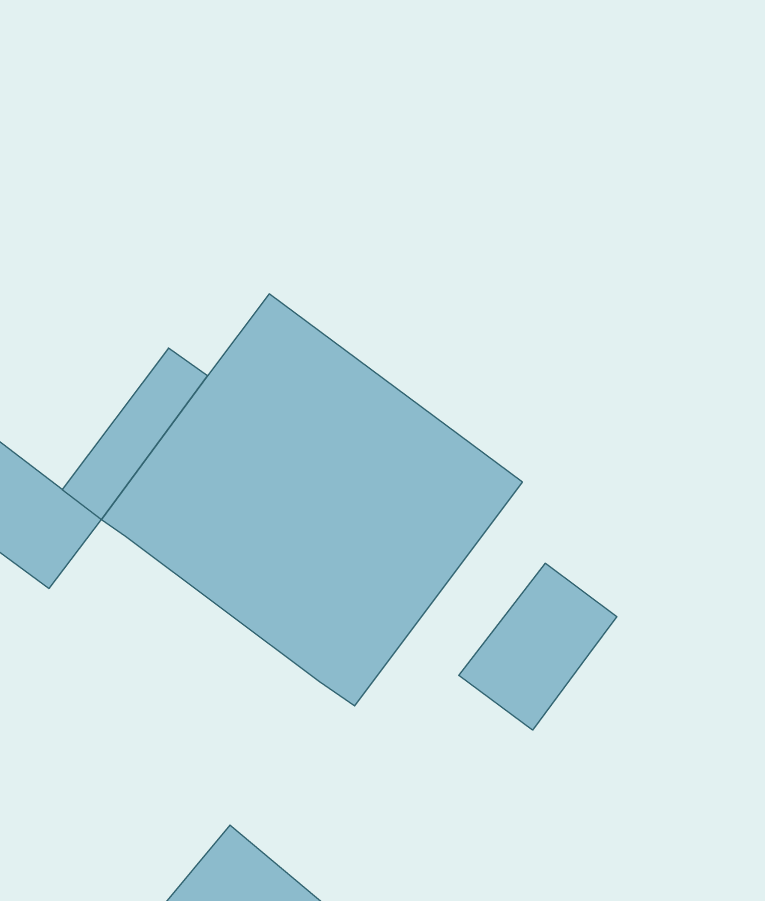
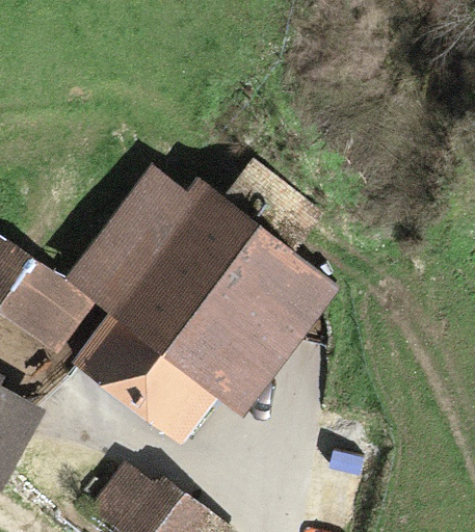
building: none -> [71,315,211,438]
building: [459,563,617,730] -> none

